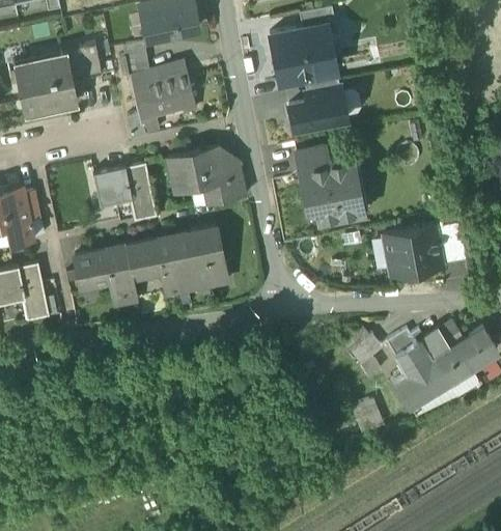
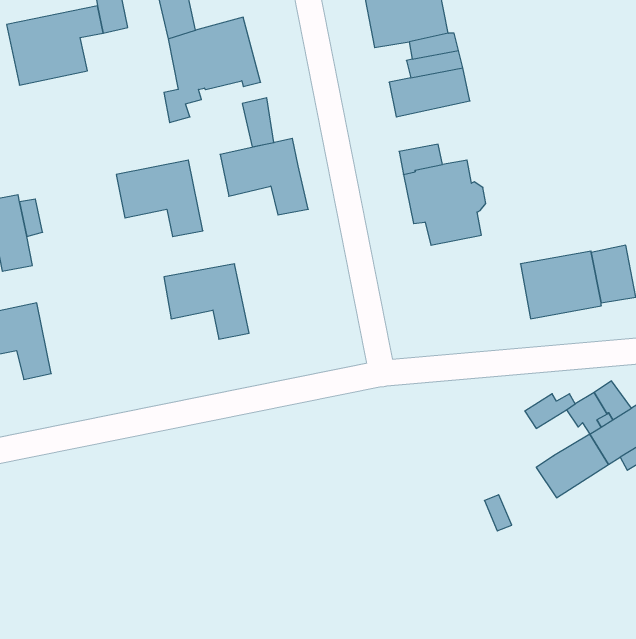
building: [224,164,247,199] -> [242,98,274,147]
building: [178,231,223,288] -> none
building: [75,248,138,303] -> none
building: [351,336,382,380] -> none
building: [395,343,434,376] -> none

